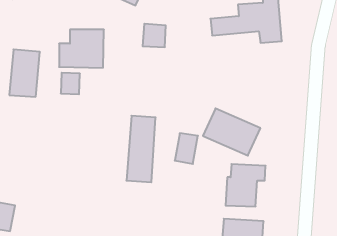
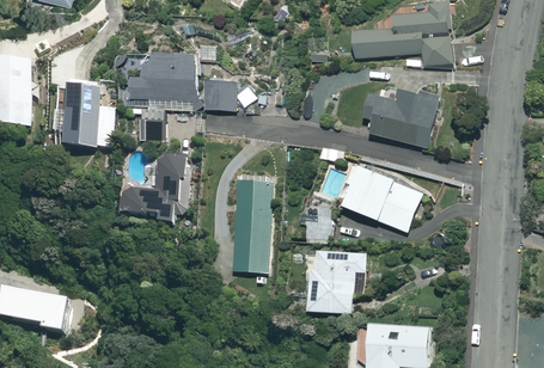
building: [143,24,166,47] -> [204,75,238,109]
building: none -> [361,85,440,149]
building: none -> [120,153,185,219]
building: [226,164,266,206] -> [308,249,366,309]

